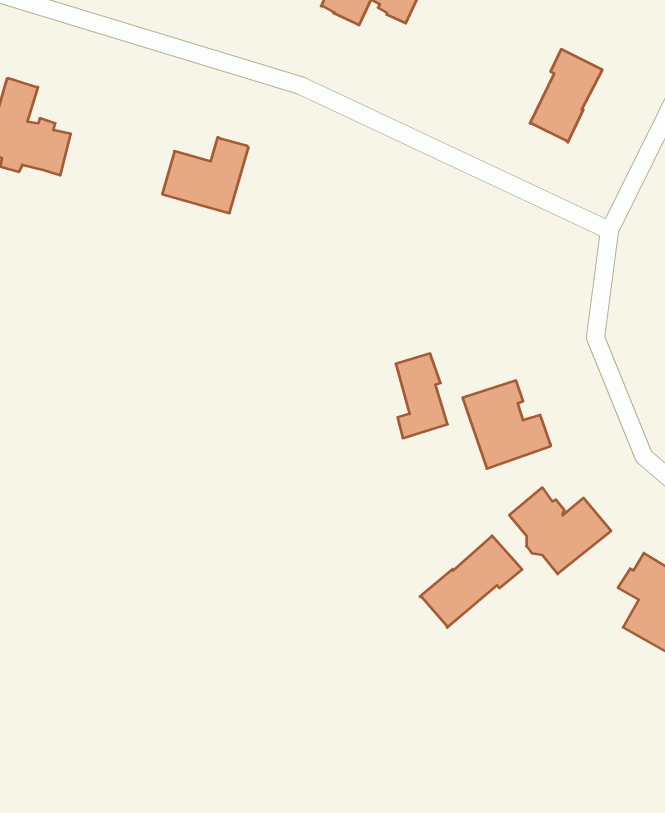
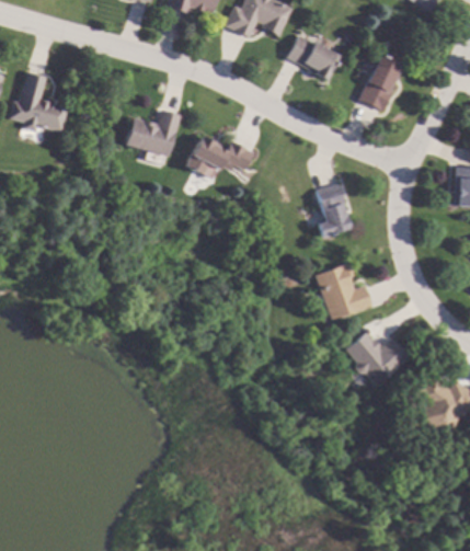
building: none -> [286,34,339,80]
building: none -> [185,136,253,173]
building: [396,354,448,438] -> [317,183,349,237]
building: [420,536,522,628] -> none

